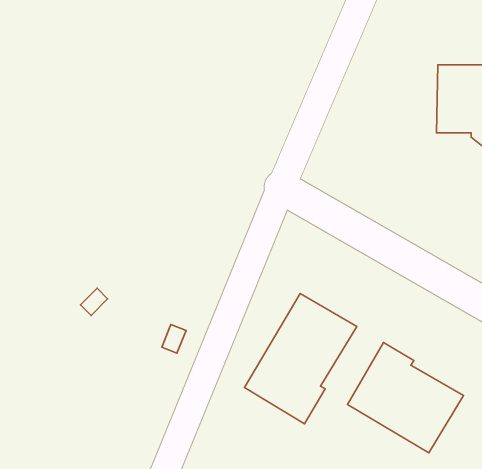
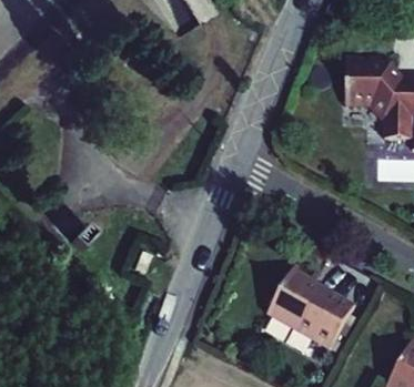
building: [245,294,357,424] -> none

